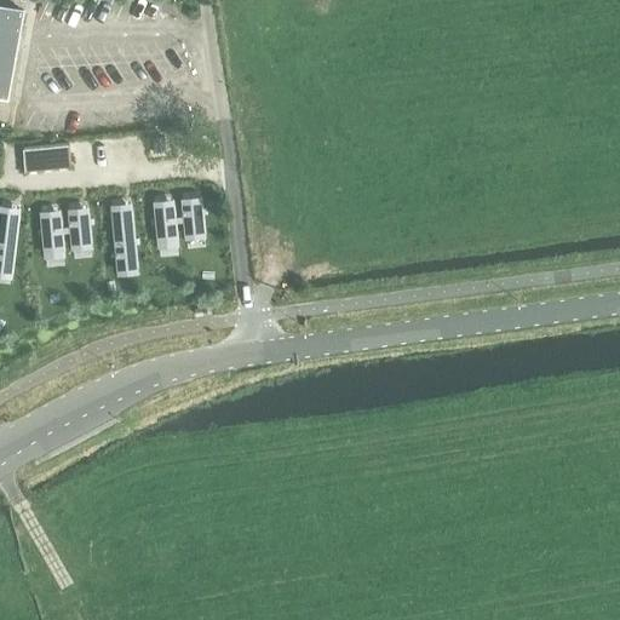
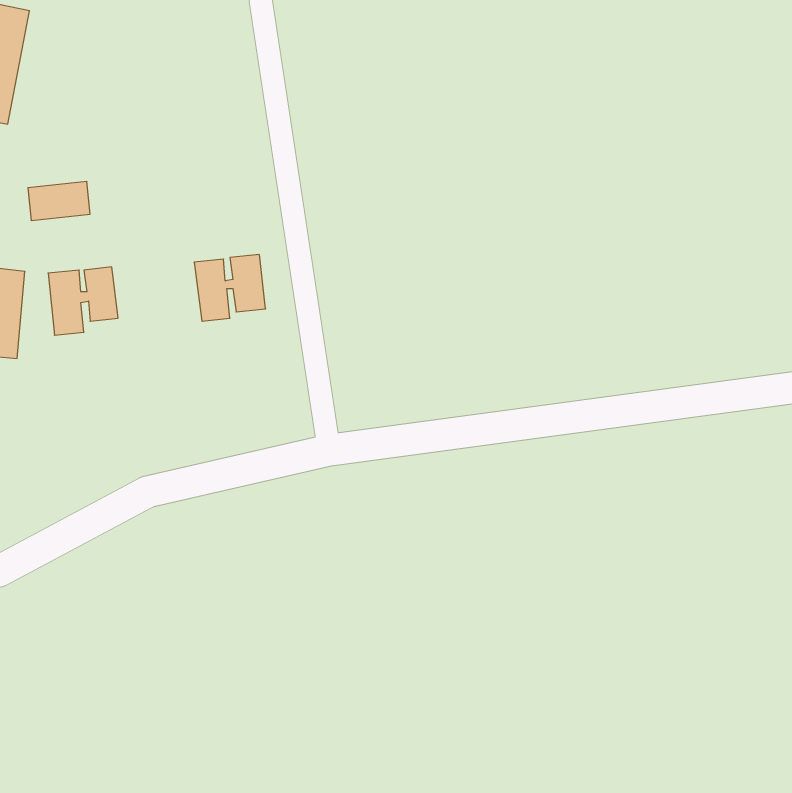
building: [109,206,139,276] -> none

